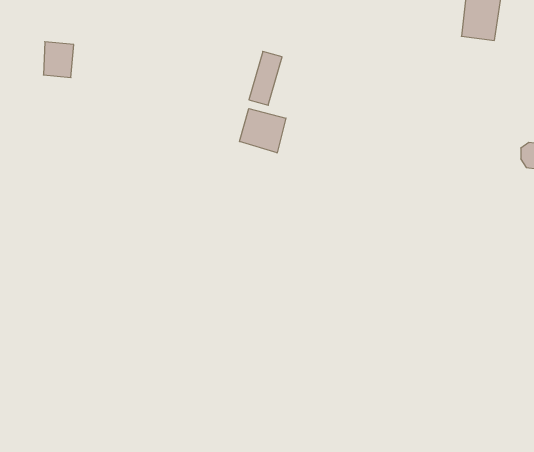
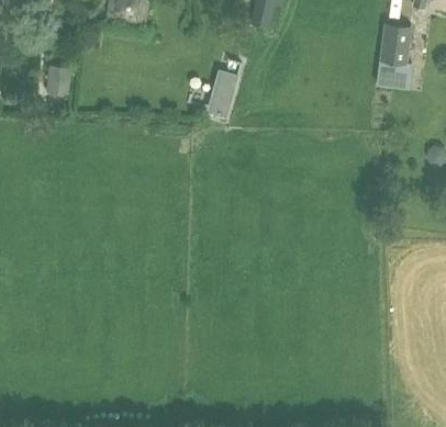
building: none -> [377,60,412,88]
building: [240,109,286,153] -> none

